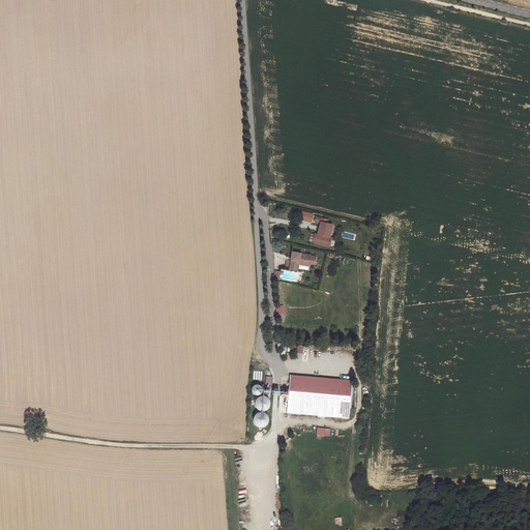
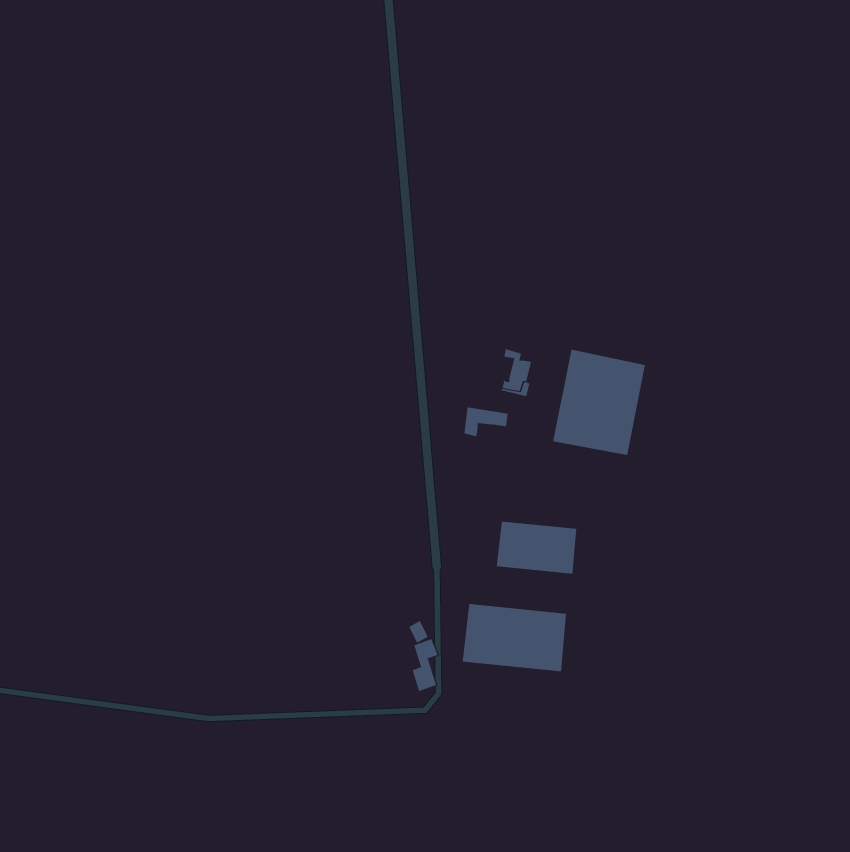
building: none -> [552,349,645,456]
building: none -> [496,521,577,575]

